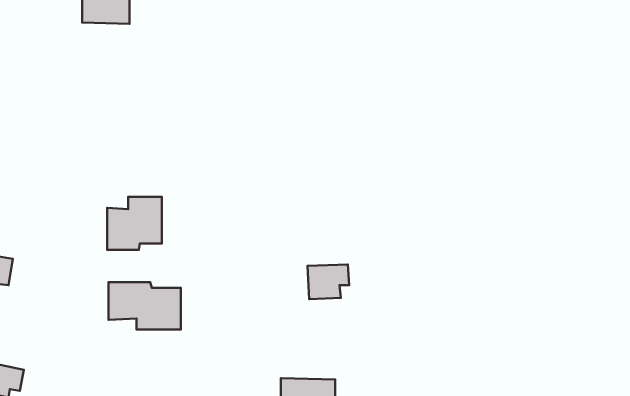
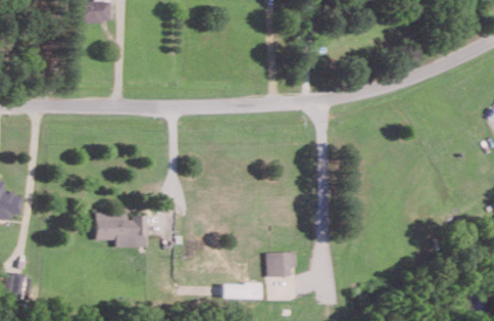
building: [107,197,162,250] -> none
building: [308,264,349,299] -> [265,251,296,277]

